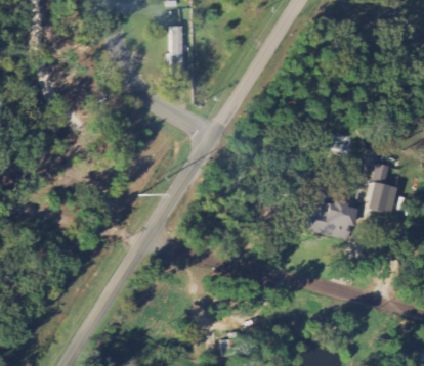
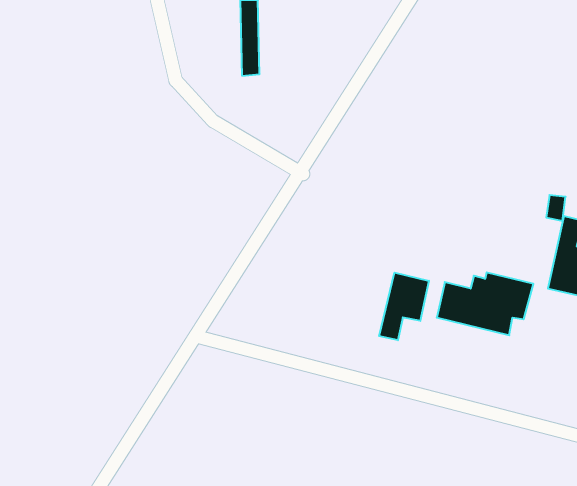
building: none -> [379,273,429,340]

